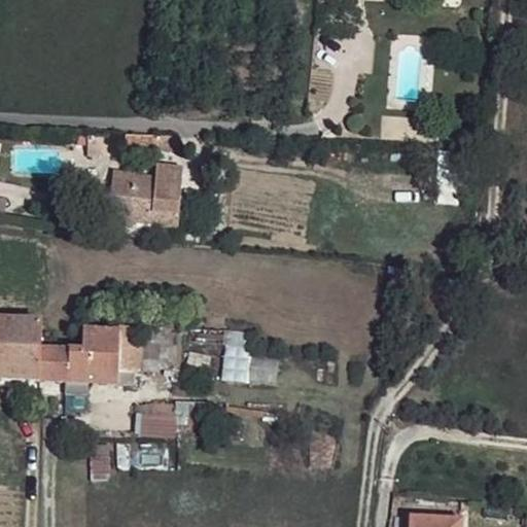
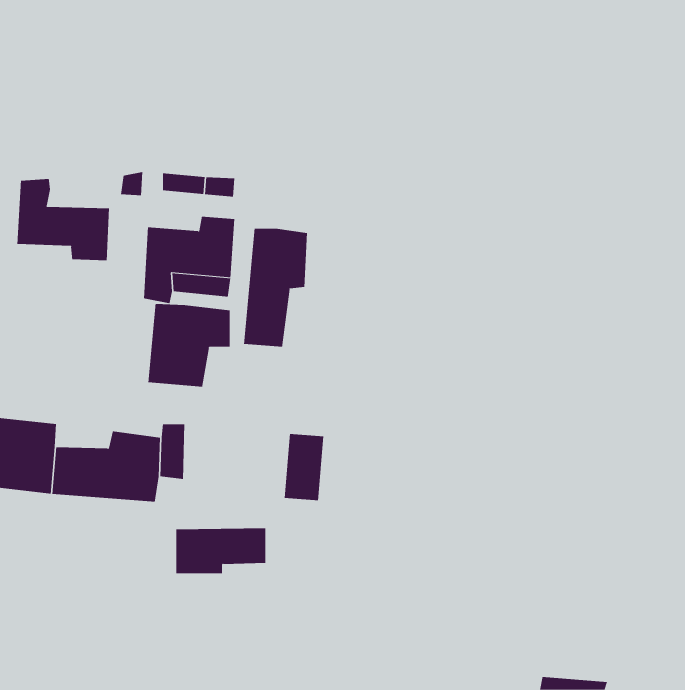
building: none -> [17,178,110,261]
building: none -> [243,228,308,348]
building: none -> [148,303,230,388]

